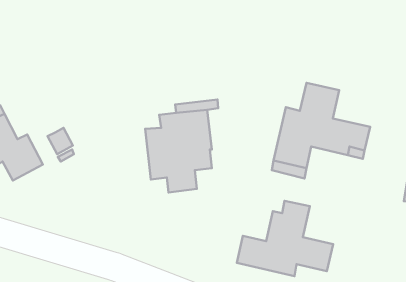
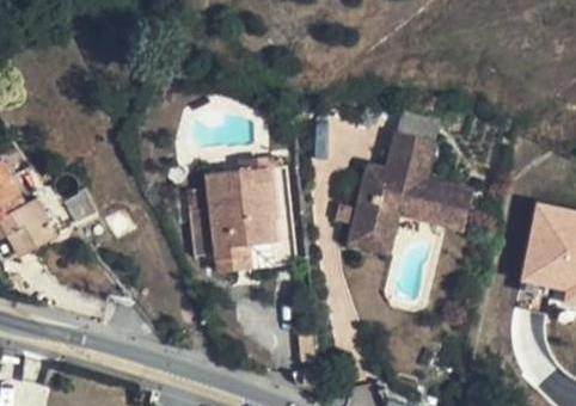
building: [237,201,333,276] -> none

